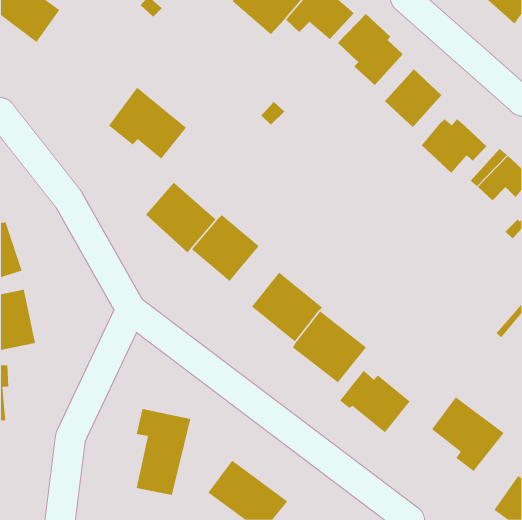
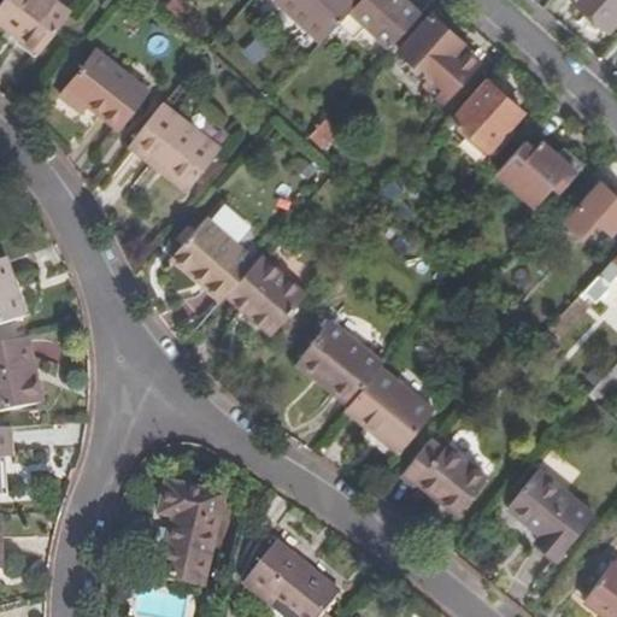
building: none -> [60,52,146,127]

